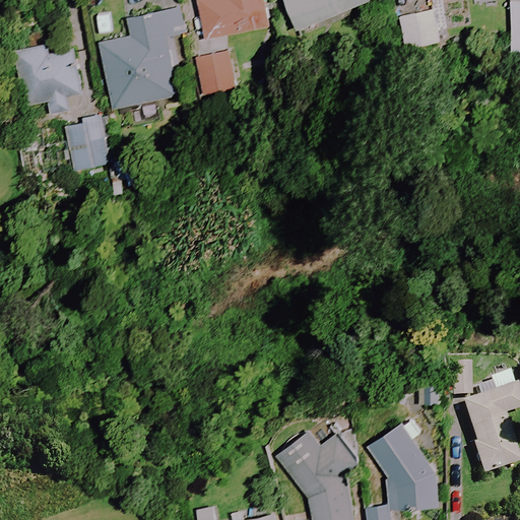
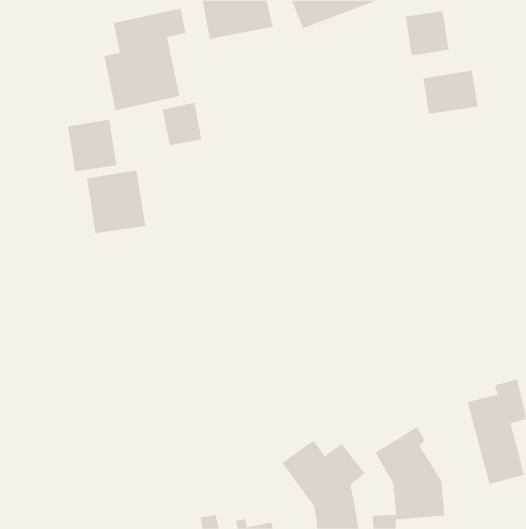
building: [14,39,86,115] -> none
building: [195,51,235,93] -> [162,102,202,146]
building: none -> [423,70,478,115]
building: none -> [87,170,146,234]

